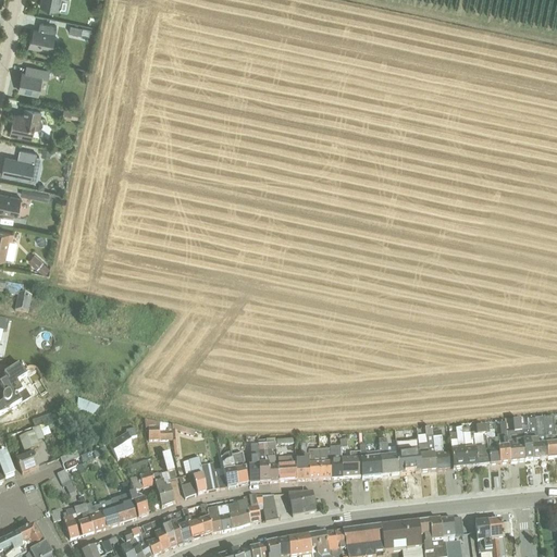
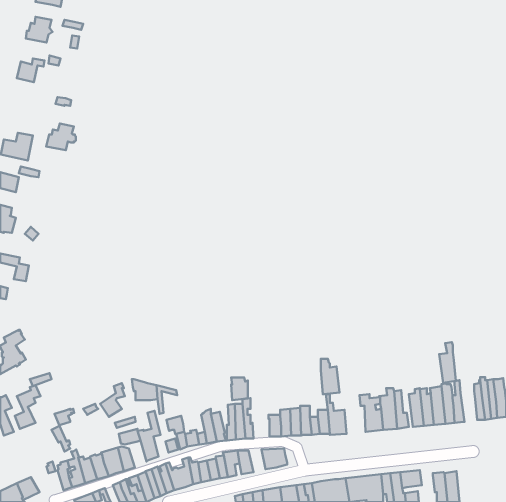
building: [10,103,42,133] -> [46,124,76,150]
building: [506,419,524,463] -> [439,342,456,383]
building: [379,437,399,476] -> [321,359,340,394]
building: [277,457,296,482] -> [231,377,248,400]

